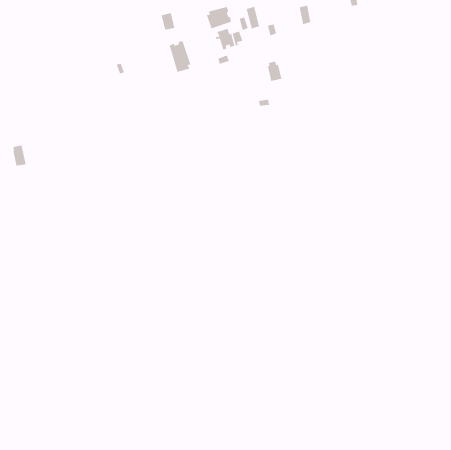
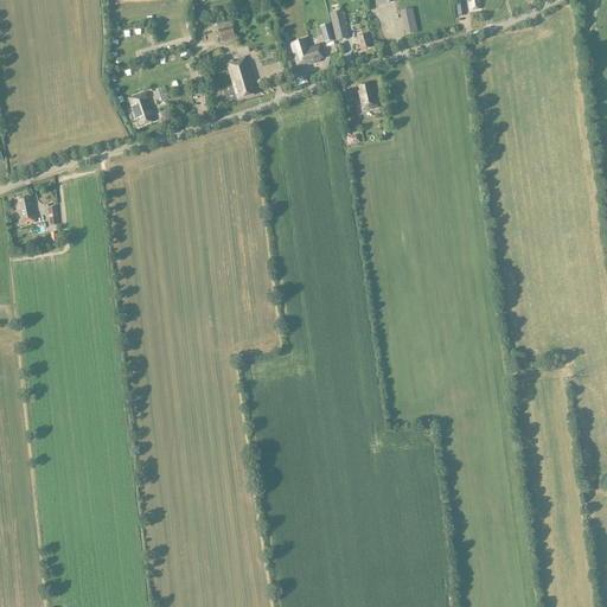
building: [206,6,232,29] -> none
building: none -> [129,90,156,123]

